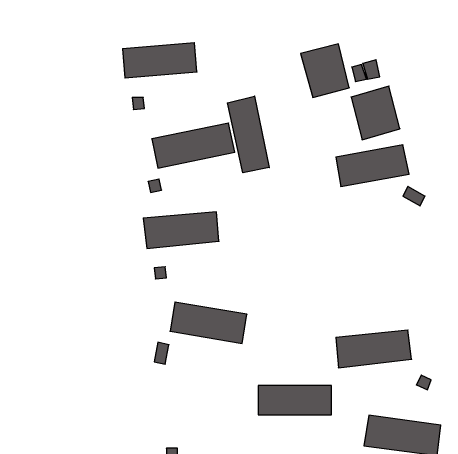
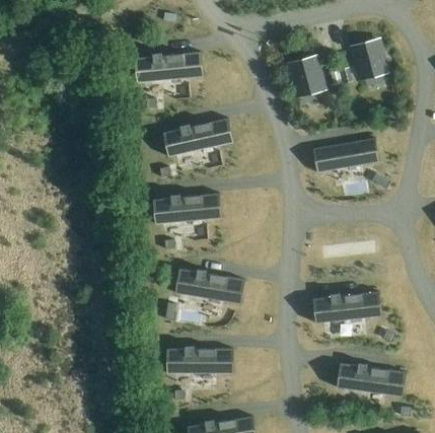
building: [351,86,400,140] -> [349,37,389,81]
building: [227,96,269,173] -> none
building: [258,386,331,415] -> [169,349,230,373]

